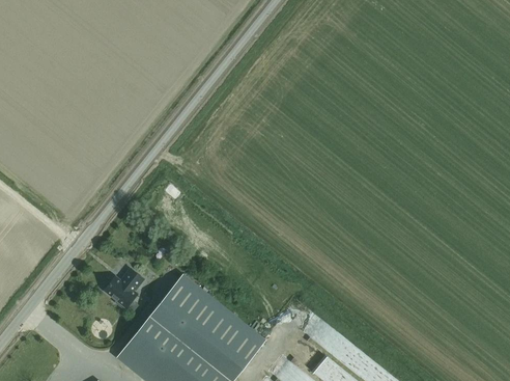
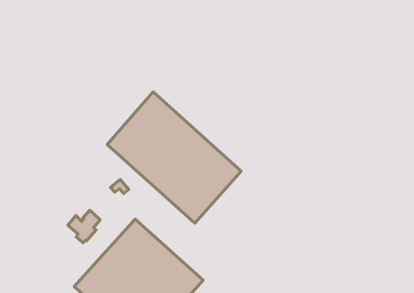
building: none -> [107,92,241,223]

